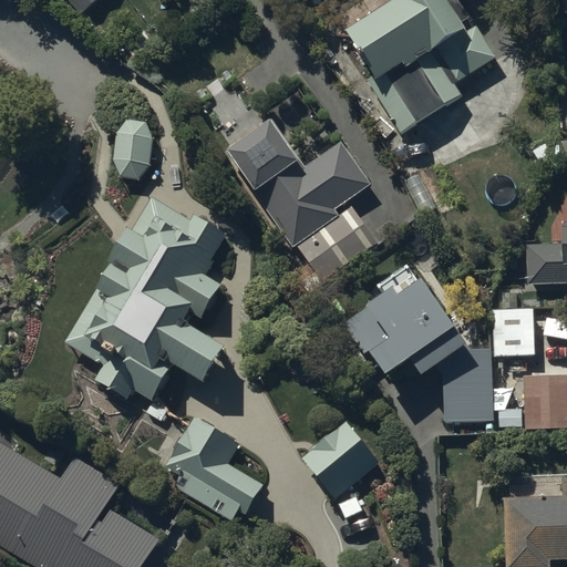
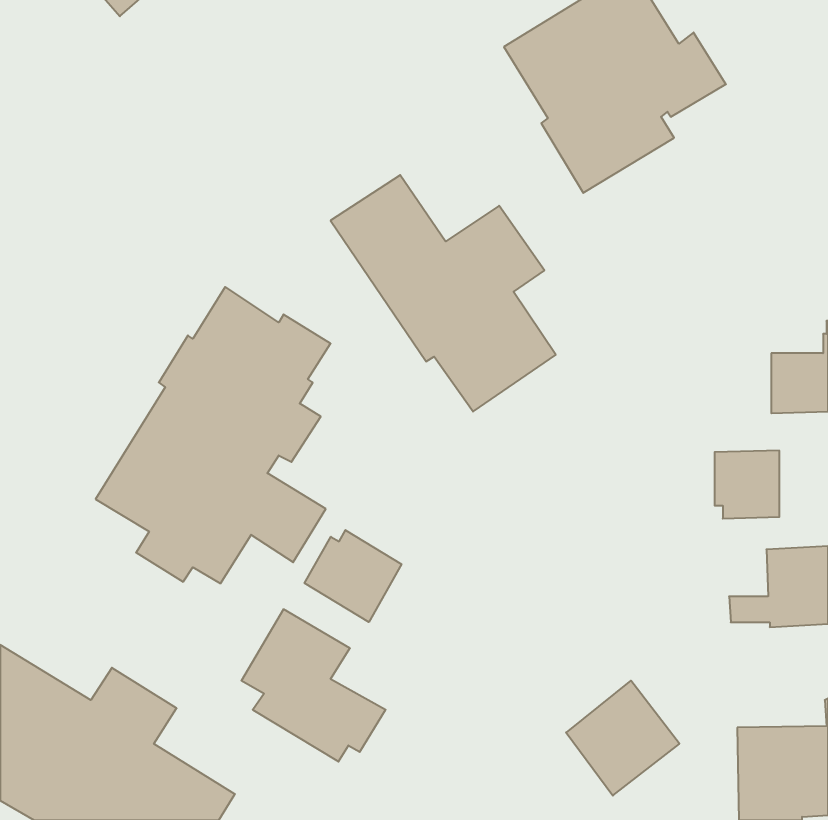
building: [115,118,153,177] -> none
building: [342,260,506,420] -> none
building: none -> [305,530,401,622]
building: [302,420,380,498] -> [566,681,679,796]

